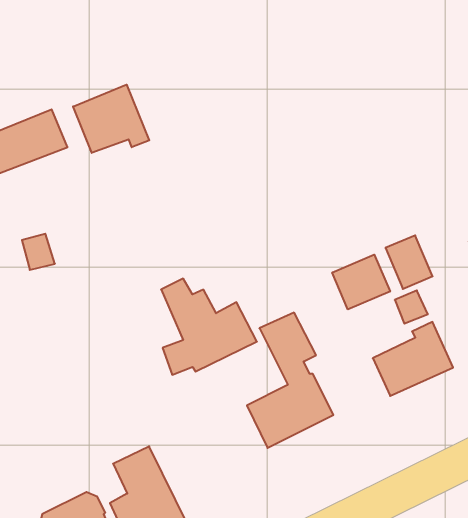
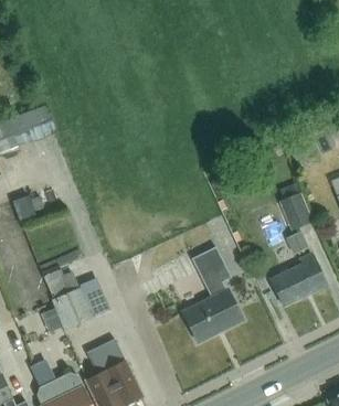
building: [73,85,149,153] -> none
building: [332,255,390,309] -> none
building: [161,279,257,375] -> [41,265,108,332]

